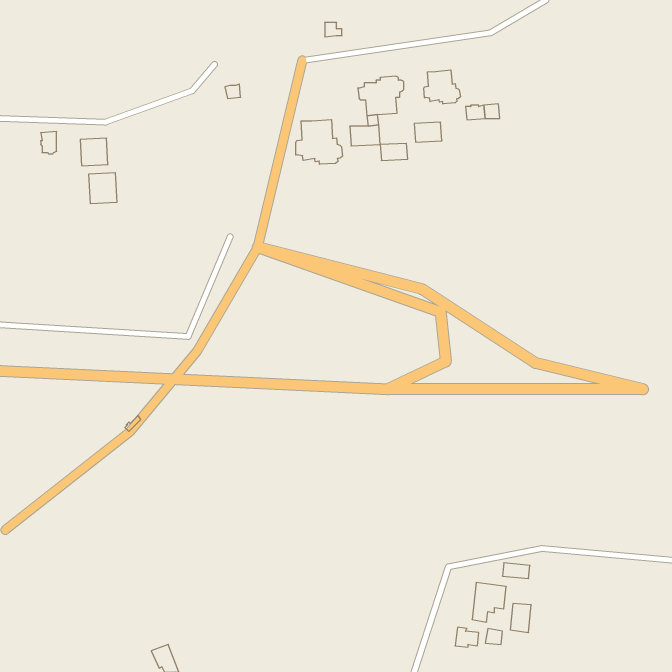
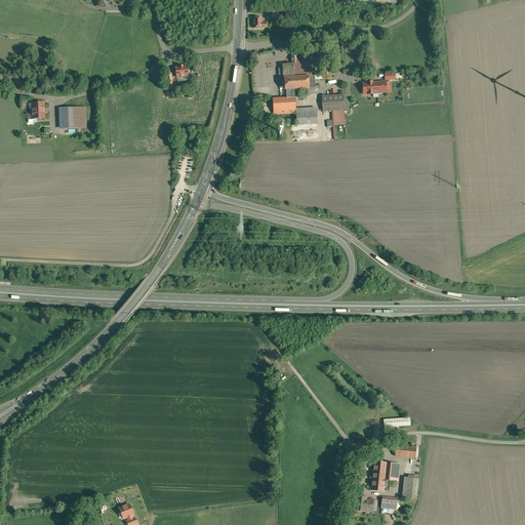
building: [424,70,460,104] -> none
building: [296,120,342,164] -> none
building: [89,173,117,204] -> none

